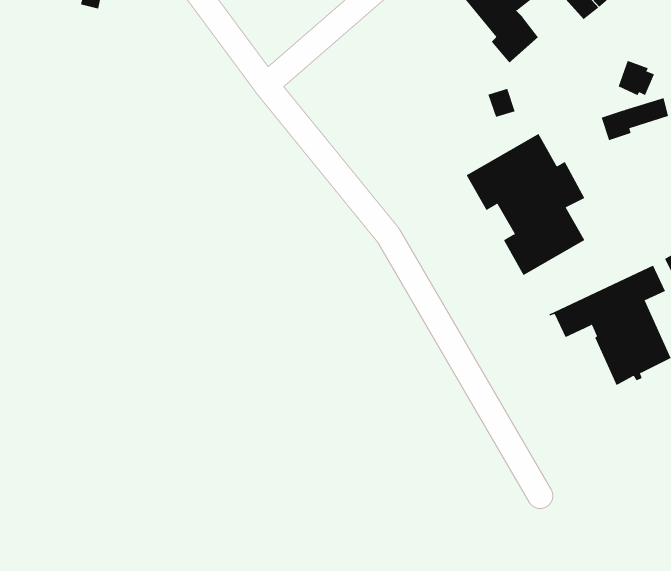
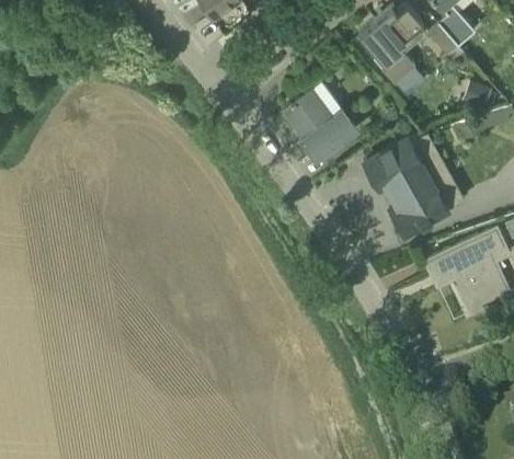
building: none -> [283,92,355,162]

